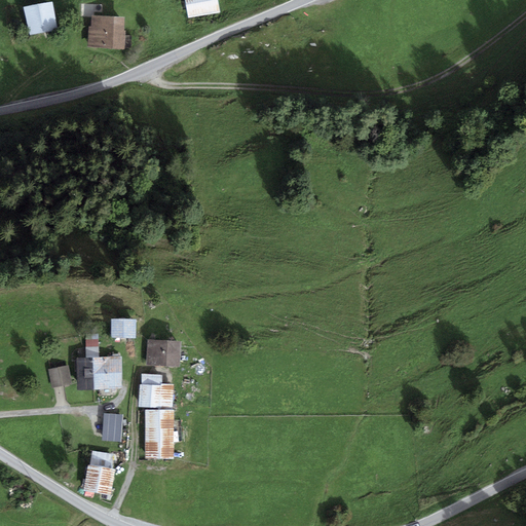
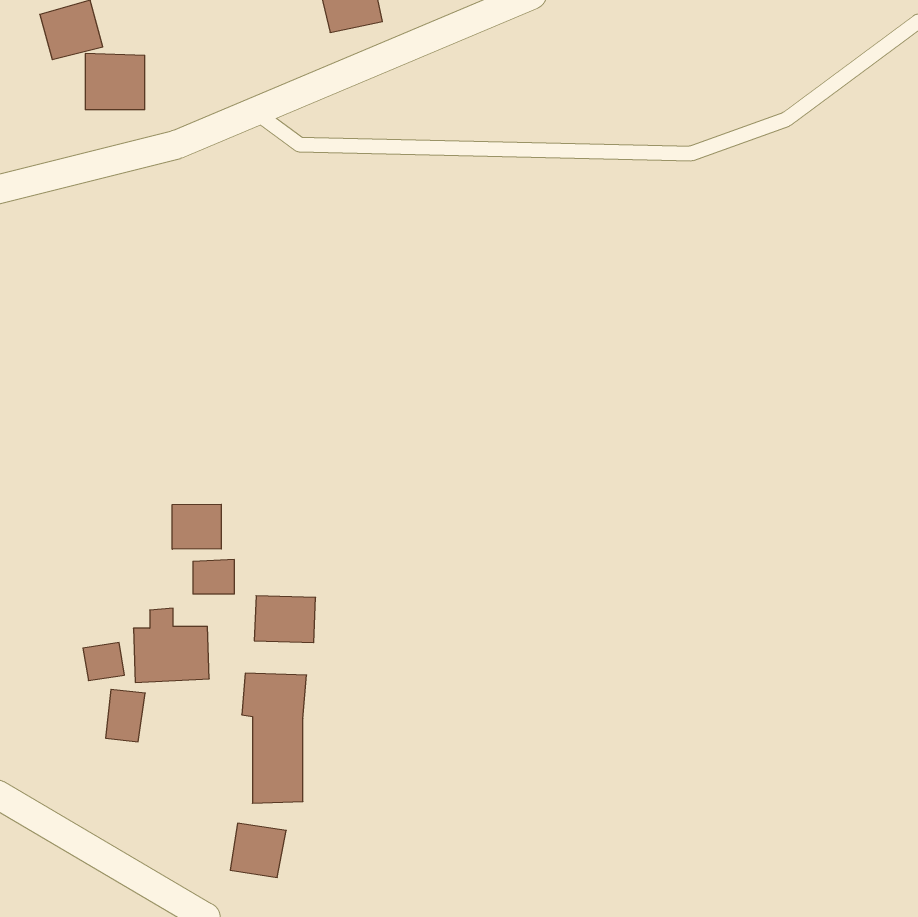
building: [89,14,123,46] -> [85,54,145,110]
building: none -> [172,504,221,549]
building: [102,412,124,442] -> [106,689,145,742]
building: [83,462,115,493] -> [230,823,286,877]

